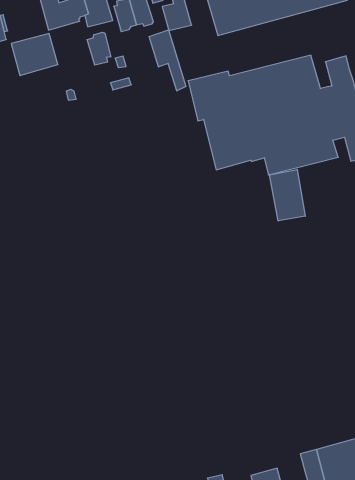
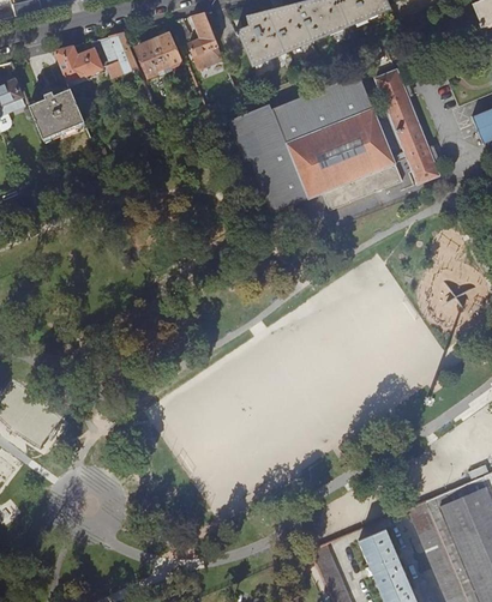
building: [149,30,186,91] -> none
building: [87,32,111,65] -> none
building: [269,169,305,221] -> none

